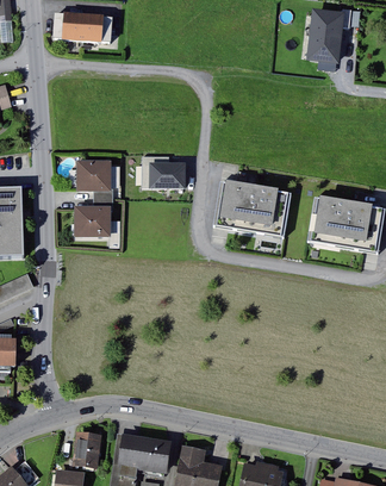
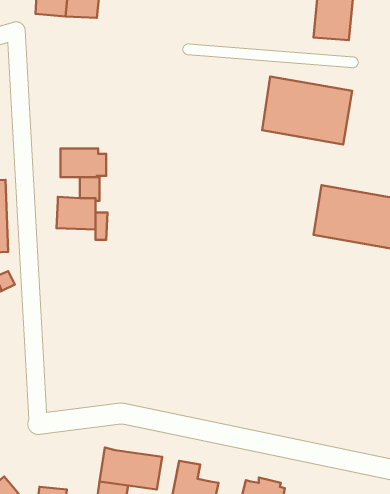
building: [141,158,181,192] -> none
building: [212,176,294,238] -> [262,76,352,144]
building: [71,431,98,466] -> none

